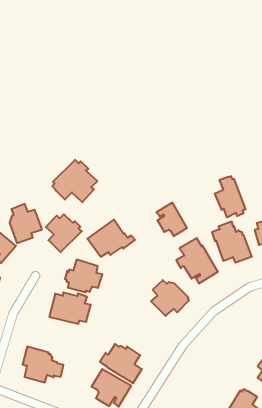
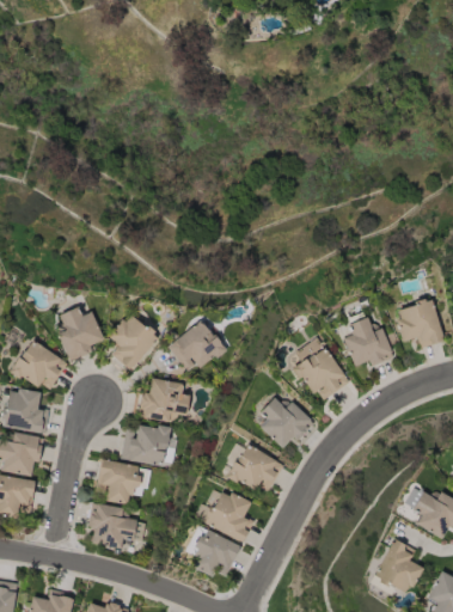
building: [52,160,97,202] -> none
building: [215,176,246,217] -> none
building: [156,202,187,236] -> none
building: none -> [226,443,283,492]
building: none -> [96,460,151,506]

